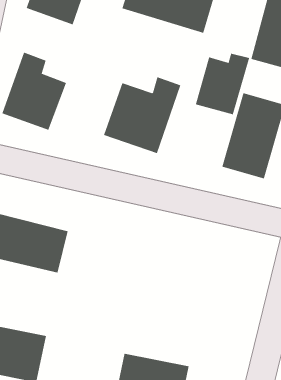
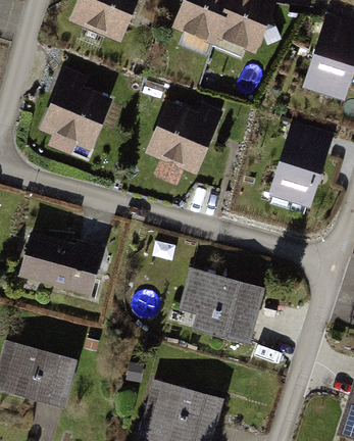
building: [195,53,250,115] -> none
building: none -> [179,267,263,345]

